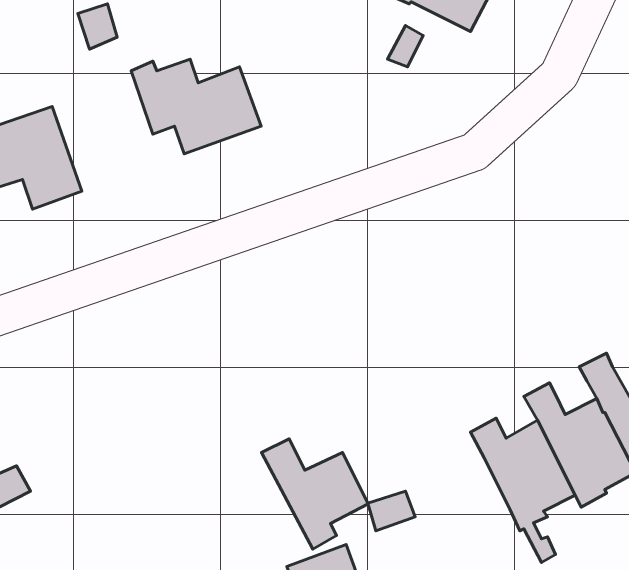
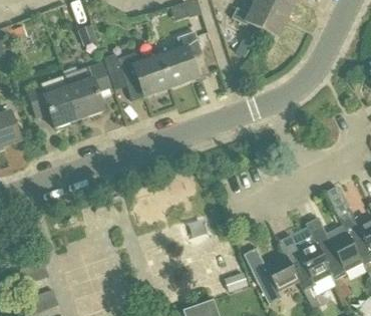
building: none -> [159,30,209,85]
building: none -> [64,61,112,118]
building: [261,439,368,549] -> [243,247,297,303]

